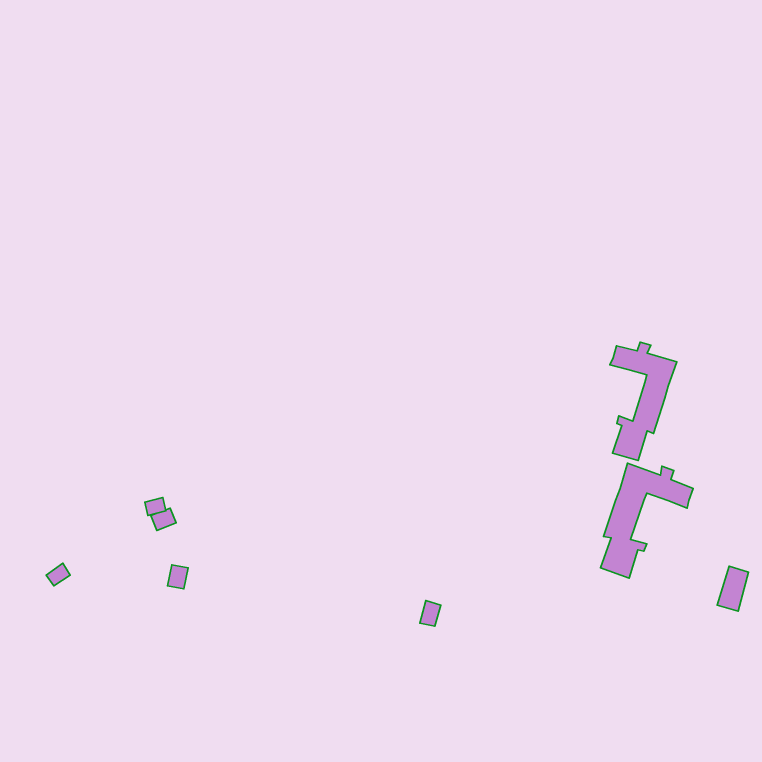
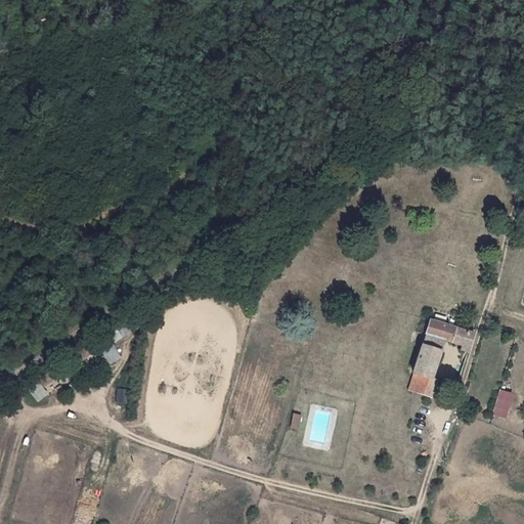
building: [610,342,677,460] -> none

